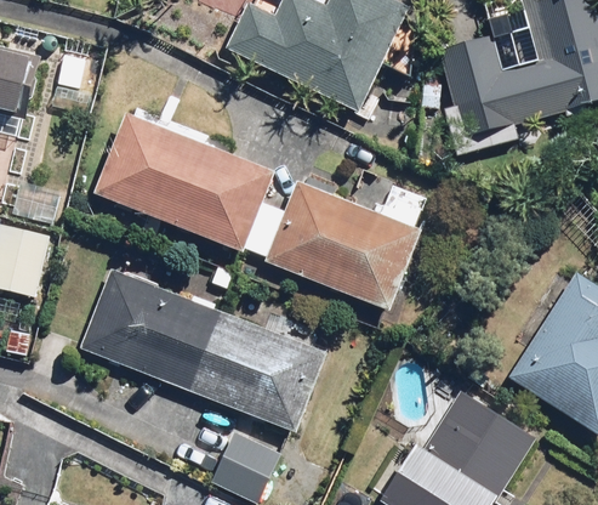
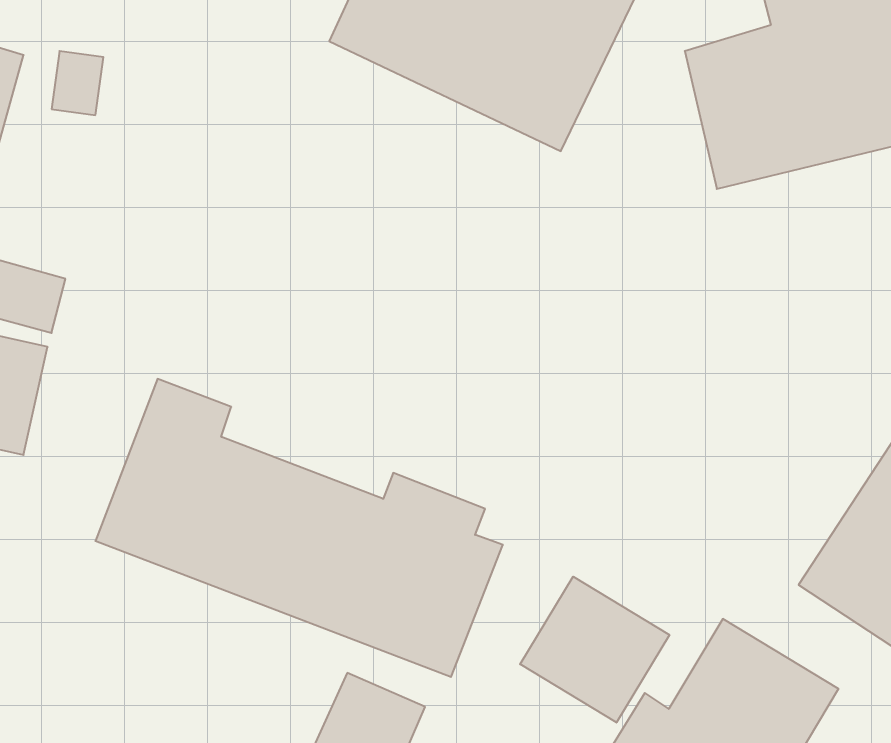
building: [95,110,279,252] -> none
building: [264,181,432,310] -> none
building: none -> [520,577,669,723]

